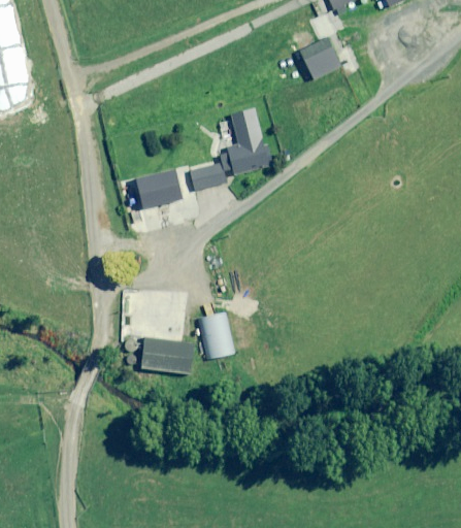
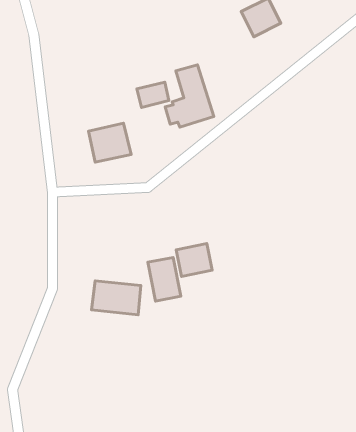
building: [190,163,224,190] -> [137,82,169,107]
building: none -> [176,244,212,276]

